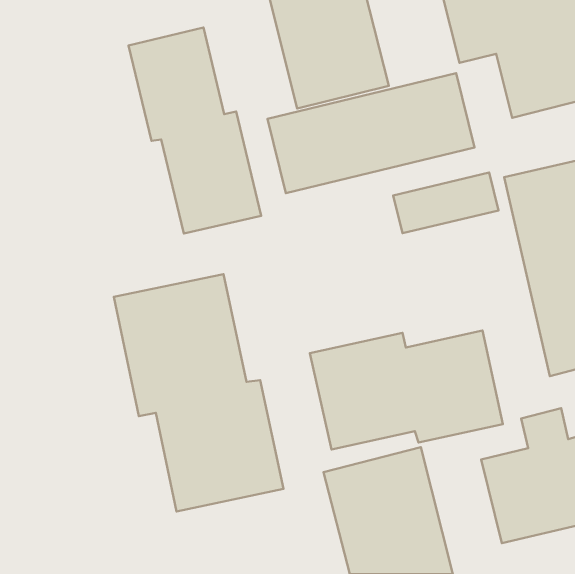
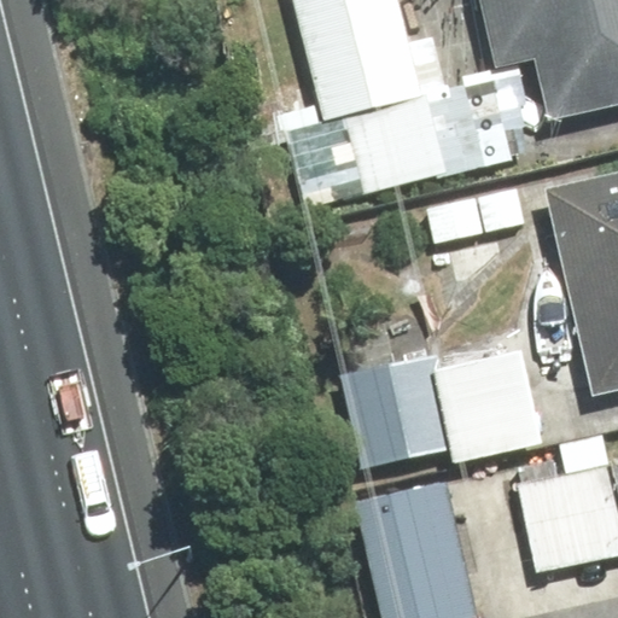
building: [128,28,261,234] -> none
building: [114,274,284,512] -> none

